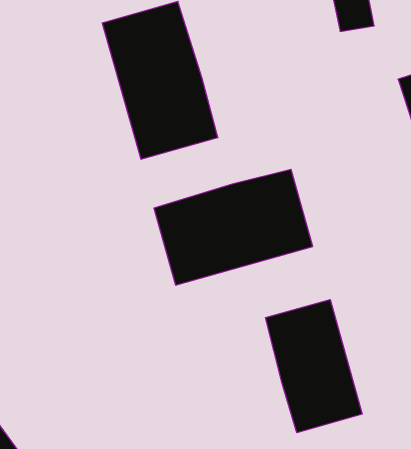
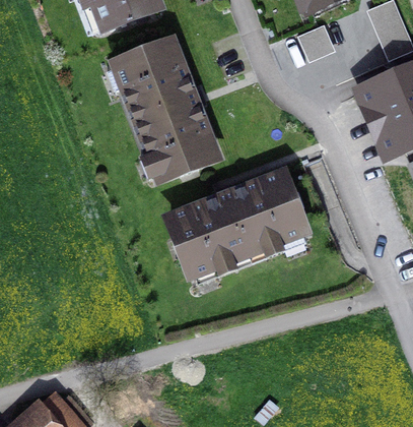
building: [266,300,362,433] -> none

